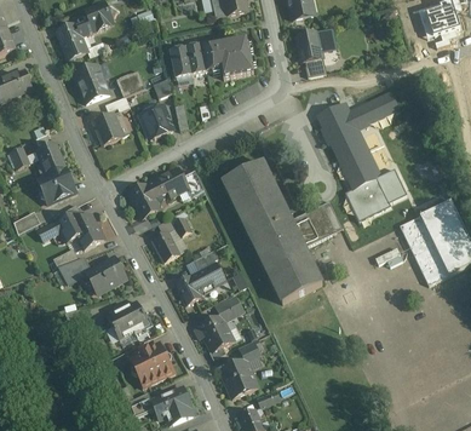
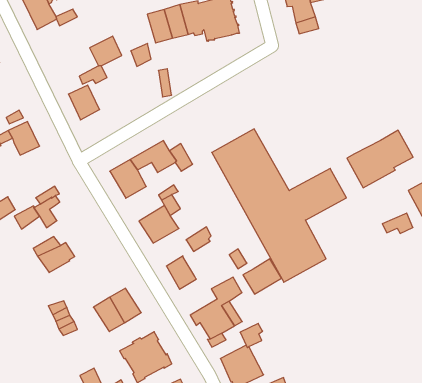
building: [75,64,109,102] -> none
building: [318,92,398,189] -> none
building: [139,105,173,137] -> none
building: [38,166,76,202] -> none
building: [71,213,104,248] -> none
building: [87,257,126,293] -> none
building: [191,262,226,293] -> [243,259,281,294]

